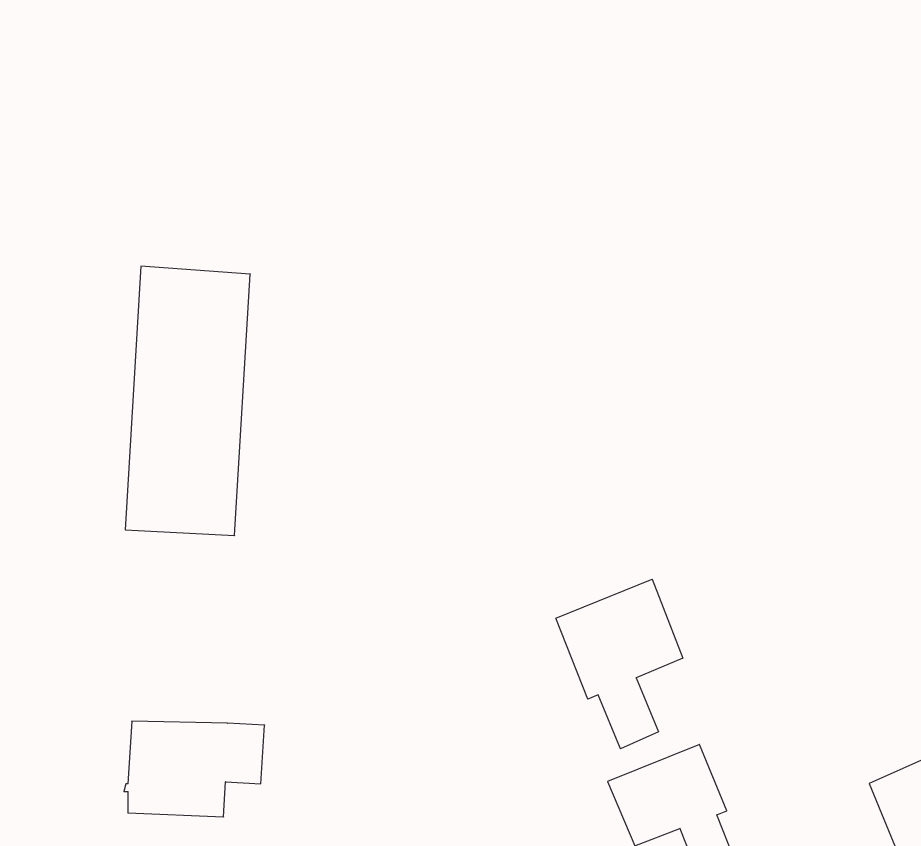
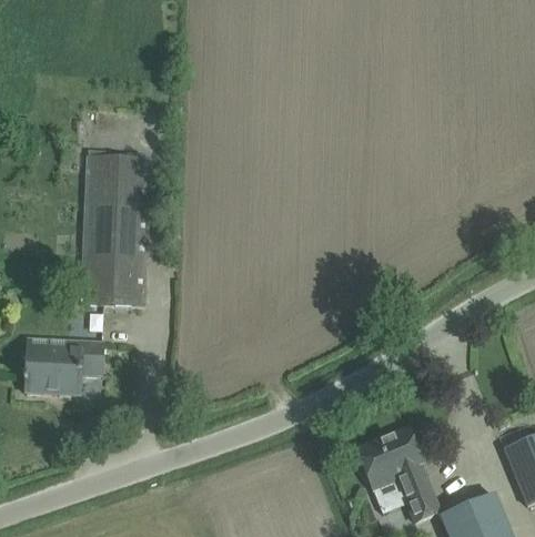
building: [556,579,683,749] -> none
building: [124,721,265,817] -> [23,338,103,393]

